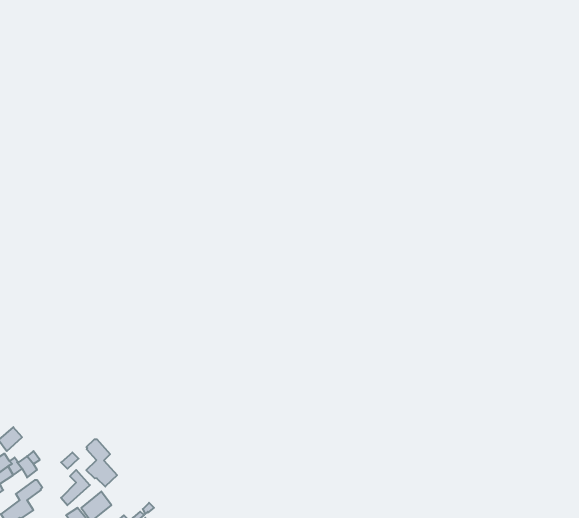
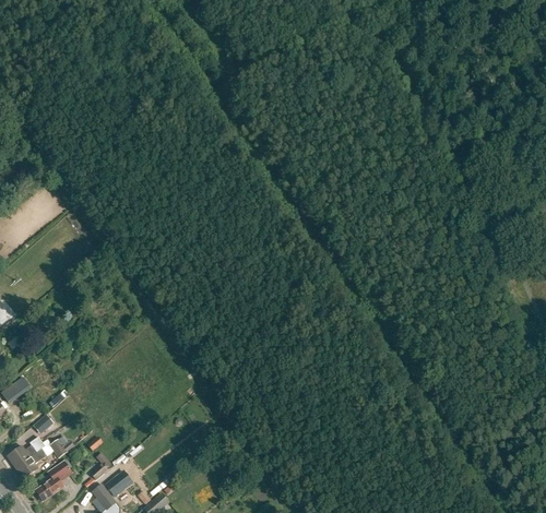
building: [86,439,117,487] -> none

